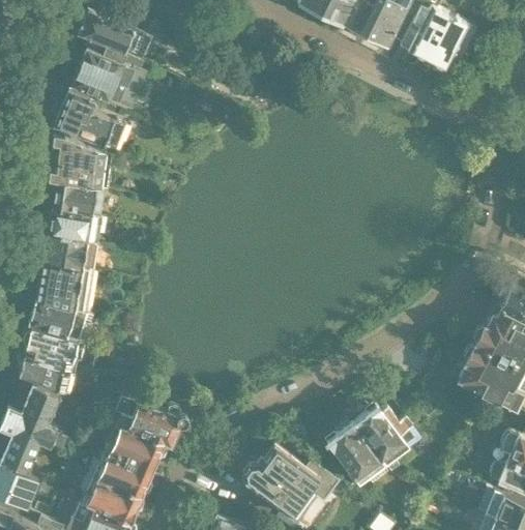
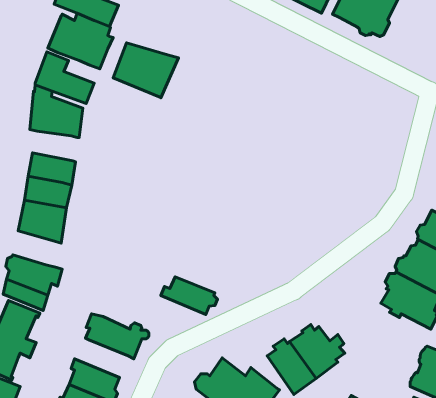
building: none -> [113,43,178,98]
building: [54,183,106,217] -> none
building: [29,298,89,341] -> none
building: [103,424,168,468] -> [161,277,217,314]

